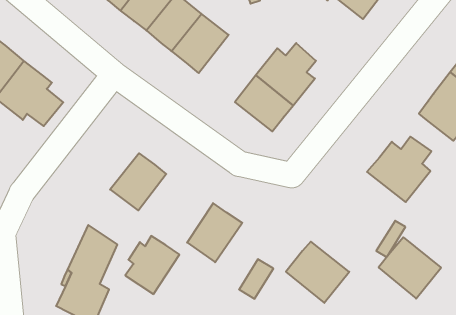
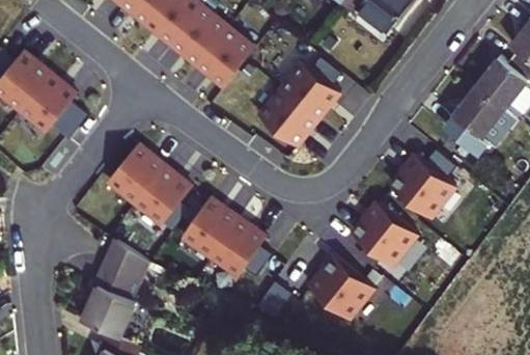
building: none -> [109,145,165,203]
building: [125,236,179,294] -> [185,198,239,256]
building: [379,237,441,299] -> [355,202,417,264]

